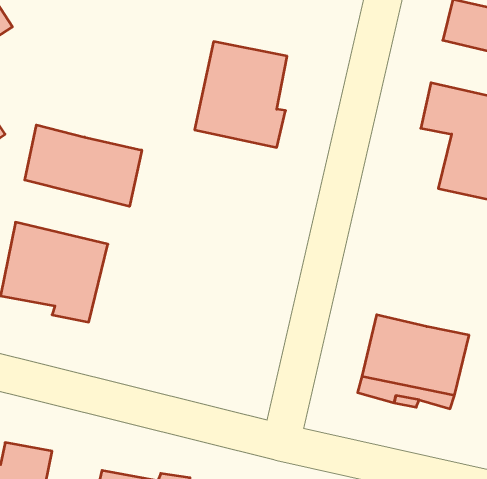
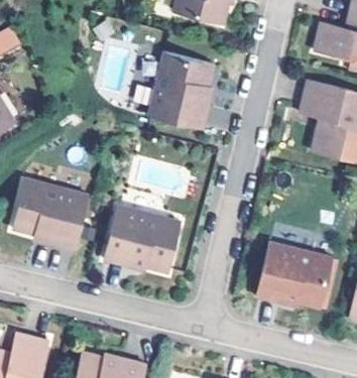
building: [25,125,142,206] -> none
building: none -> [104,206,177,268]

